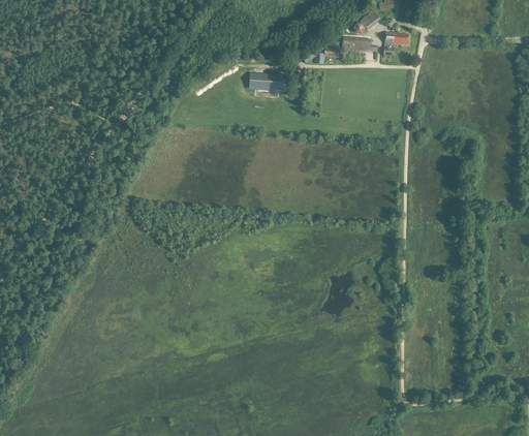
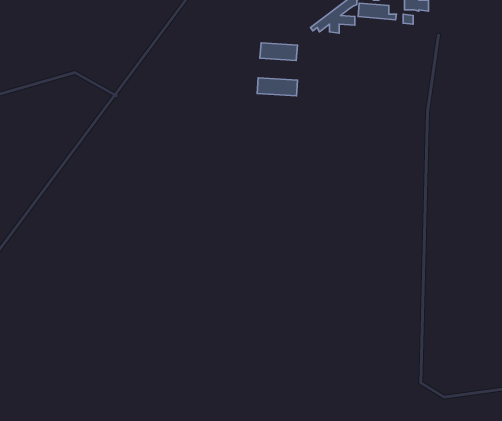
building: none -> [257,78,297,96]

